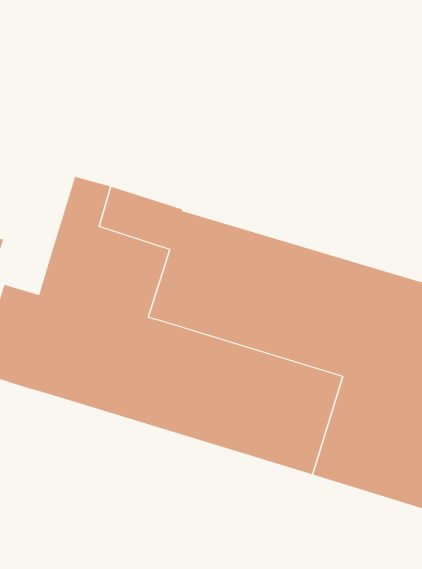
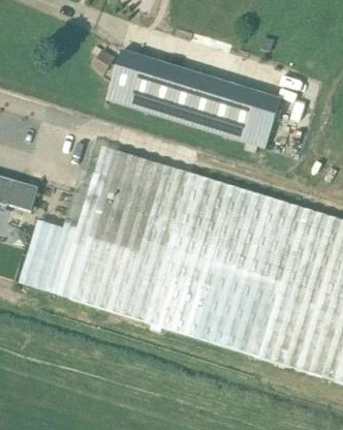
building: none -> [106,50,281,147]

